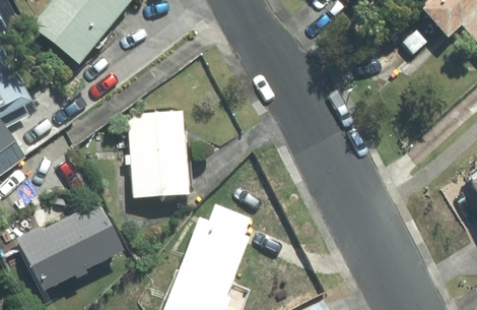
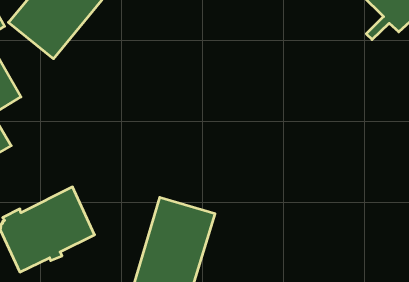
building: [127,112,186,199] -> none

